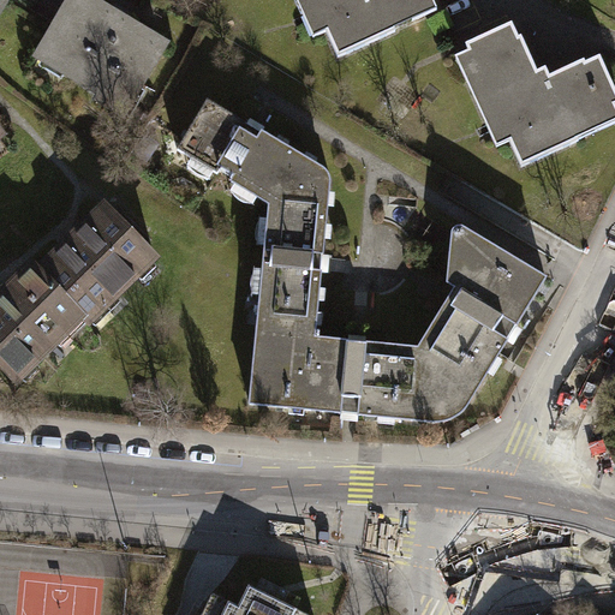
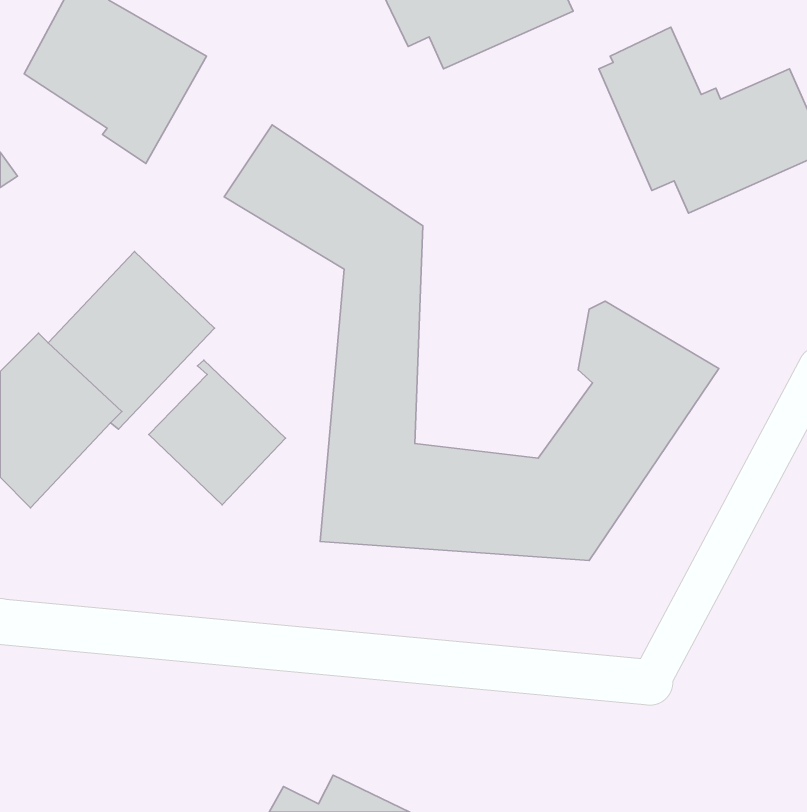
building: none -> [149,360,286,505]

